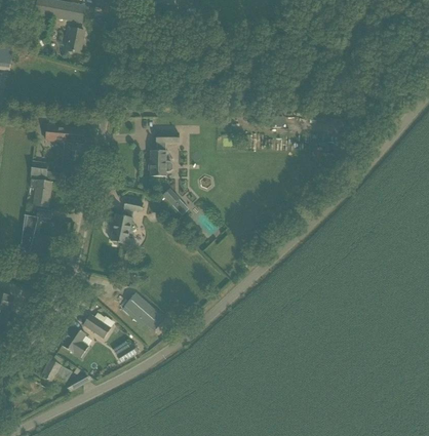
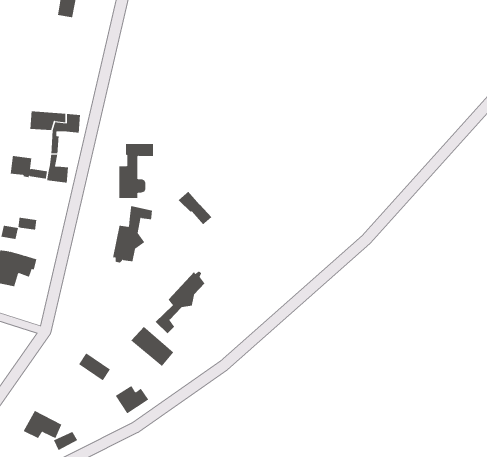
building: [150,132,178,175] -> [118,143,154,198]
building: [29,179,50,206] -> none
building: none -> [155,270,205,334]
building: [61,326,88,357] -> none

